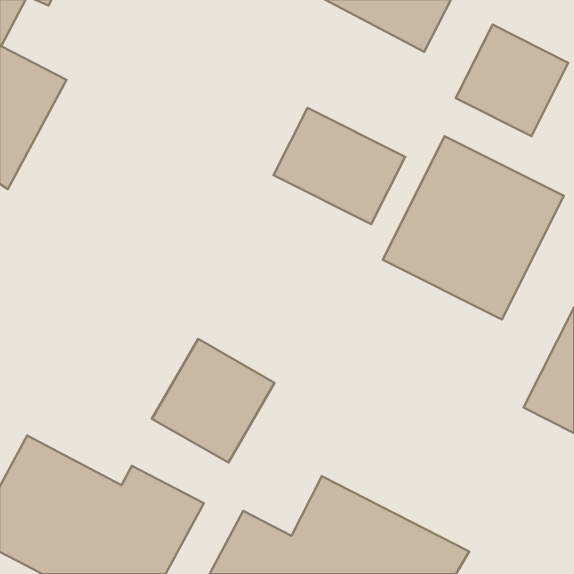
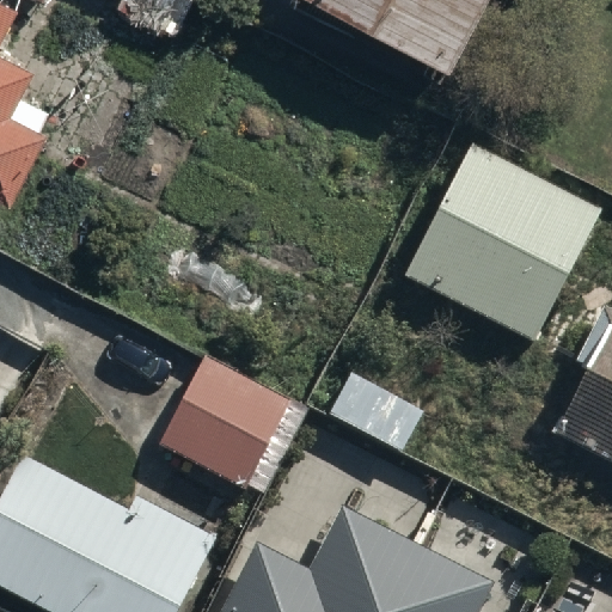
building: [456,25,568,136] -> none
building: [274,108,405,224] -> none

